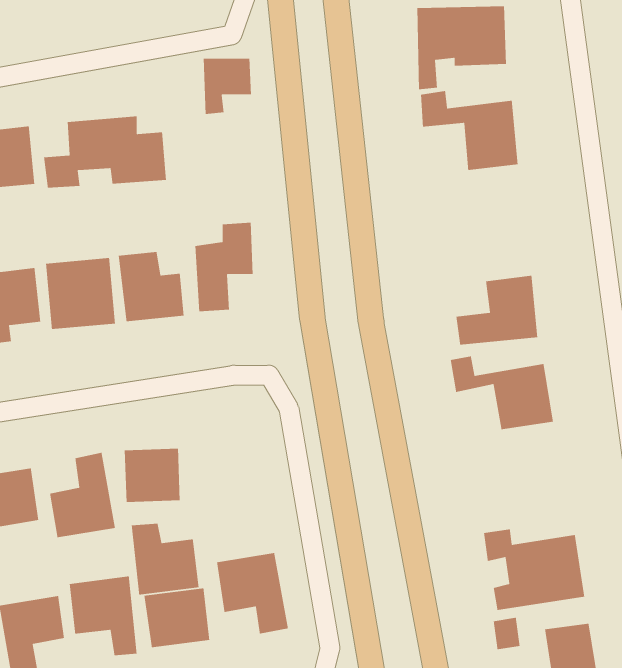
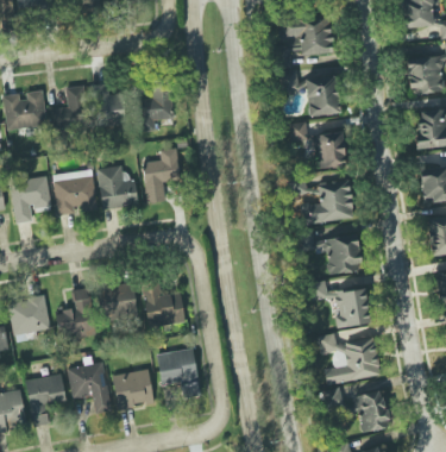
building: [203,58,252,115] -> [143,96,172,131]
building: none -> [288,121,346,168]
building: none -> [309,281,370,327]
building: [131,523,199,596] -> [143,282,184,326]

